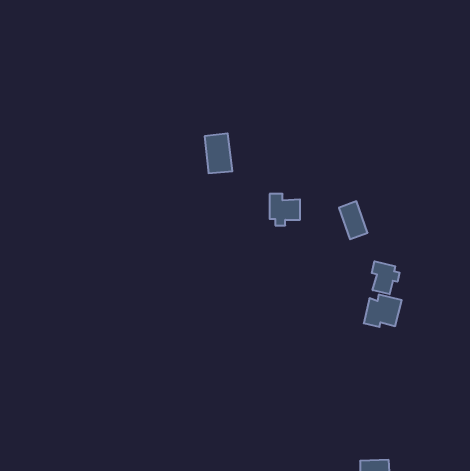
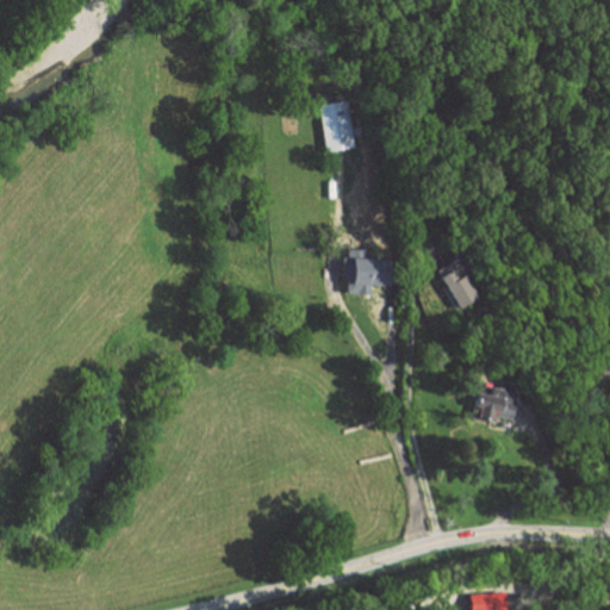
building: [205,133,232,173] -> [318,101,354,152]
building: [372,261,400,294] -> none

